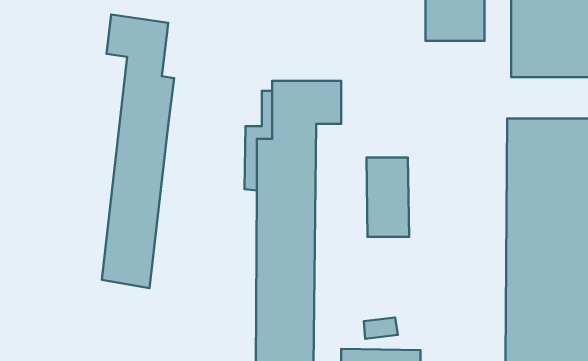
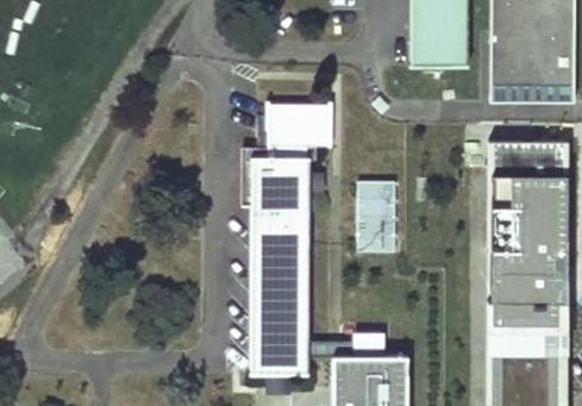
building: [102,14,174,288] -> none

